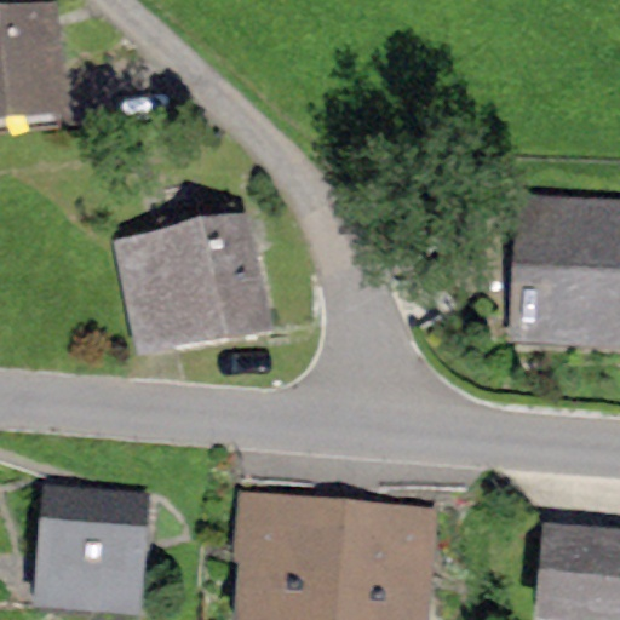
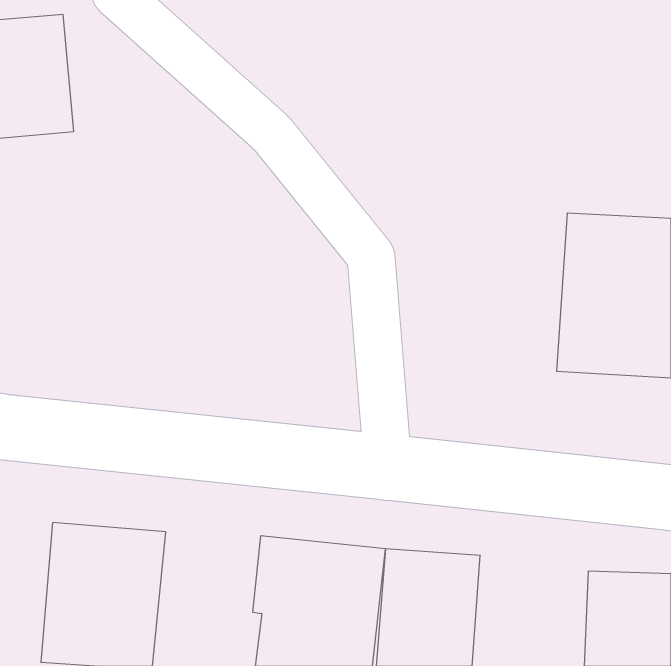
building: [110,217,270,351] -> none

